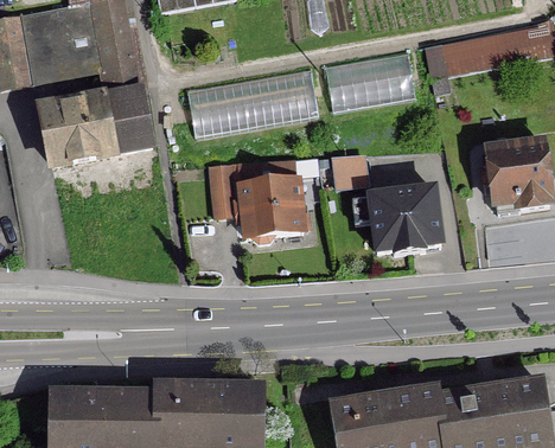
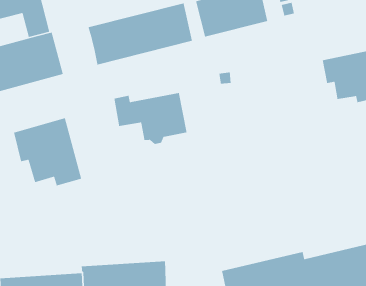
building: [369,174,439,252] -> none
building: none -> [13,117,82,187]

